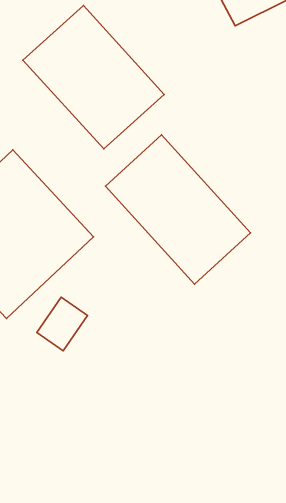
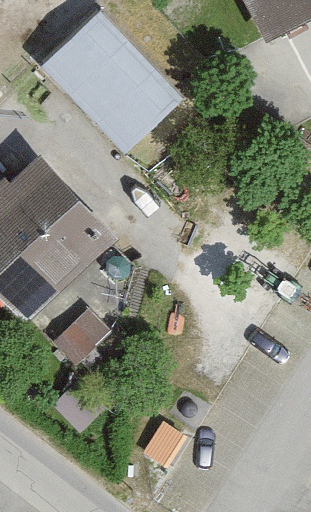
building: [105,135,251,284] -> none

